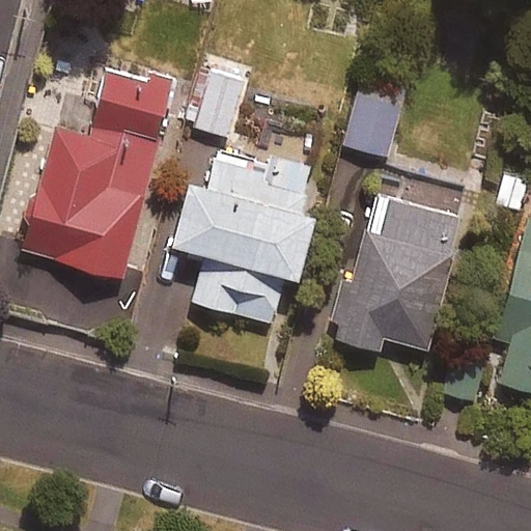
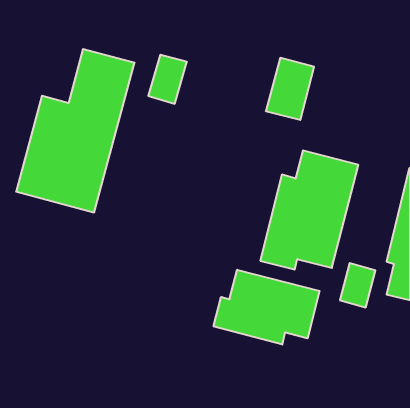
building: [174,156,315,324] -> none
building: none -> [214,270,320,345]

